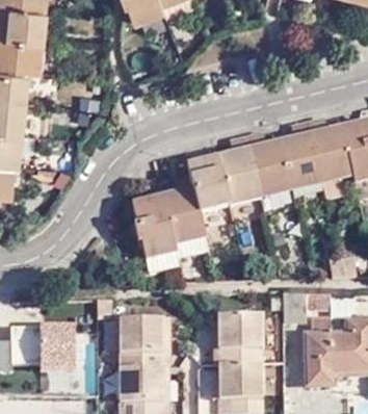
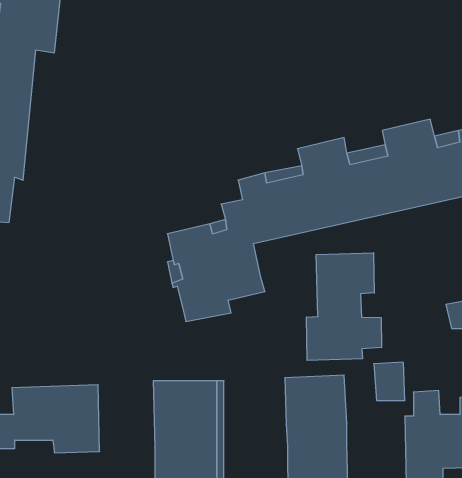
building: none -> [306,253,381,360]

